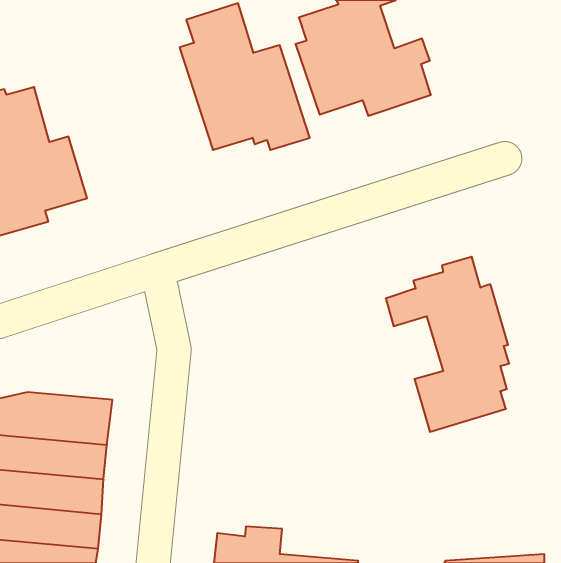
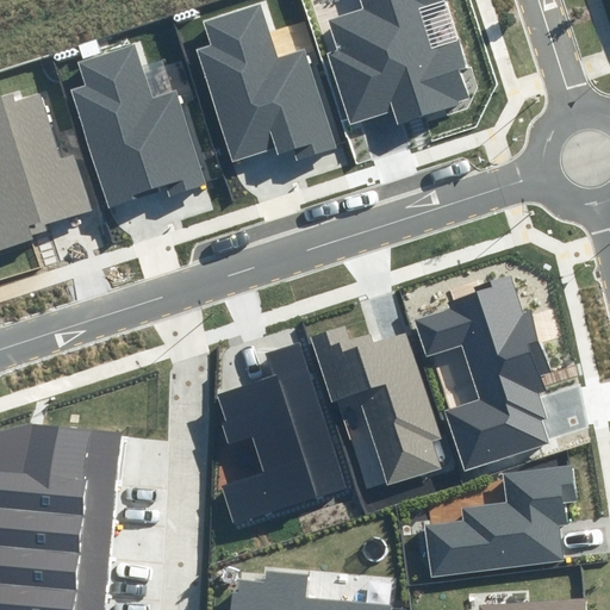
building: none -> [68,42,206,208]
building: none -> [311,329,440,486]
building: none -> [219,343,346,523]
building: none -> [422,467,577,574]

